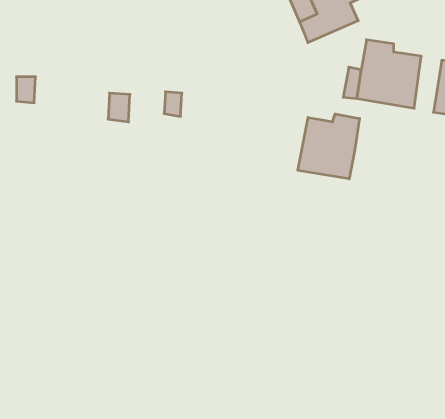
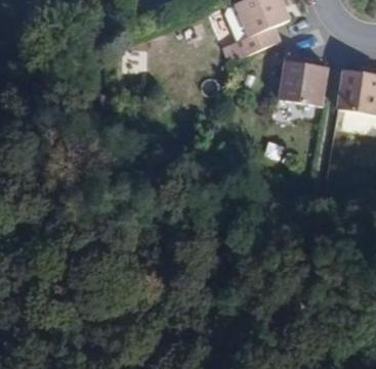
building: [298,114,360,179] -> none

